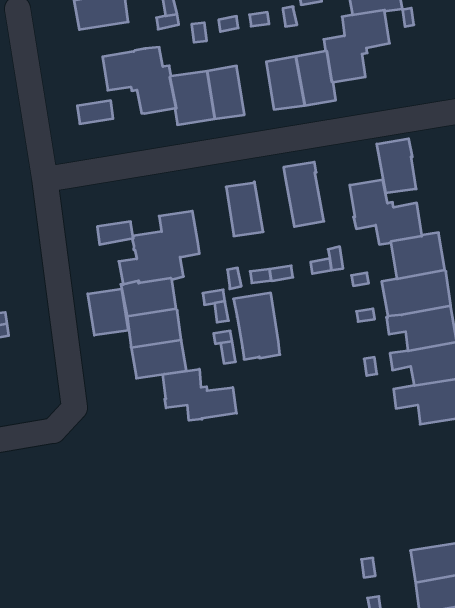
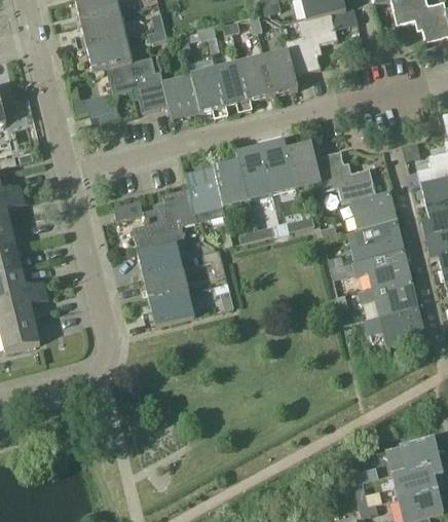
building: none -> [86,38,132,72]
building: none -> [216,62,249,106]
building: [377,139,416,193] -> [286,142,321,187]
building: none -> [235,146,272,199]
building: [88,289,128,335] -> none
building: [233,293,280,359] -> [185,165,226,221]
building: [163,369,237,420] -> none

